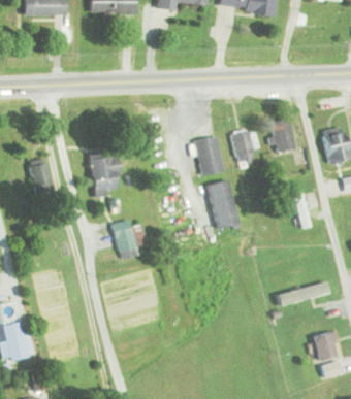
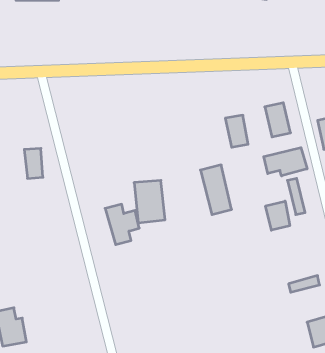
building: [194,136,223,175] -> none
building: [89,152,120,194] -> [134,180,165,223]
building: none -> [264,148,307,176]
building: none -> [266,201,290,230]

